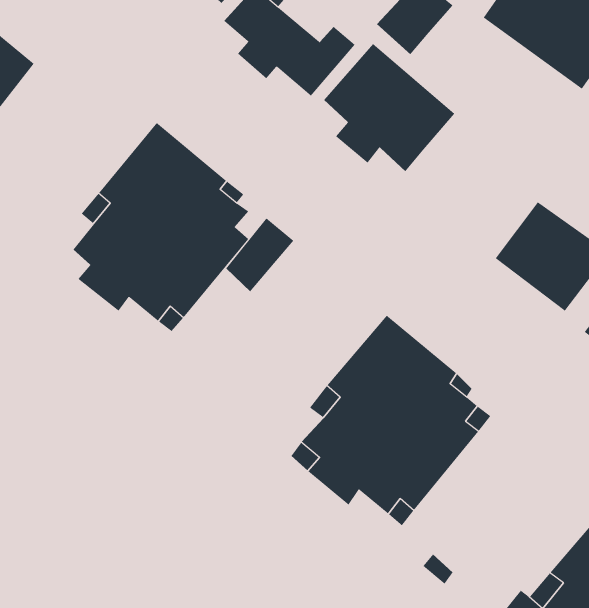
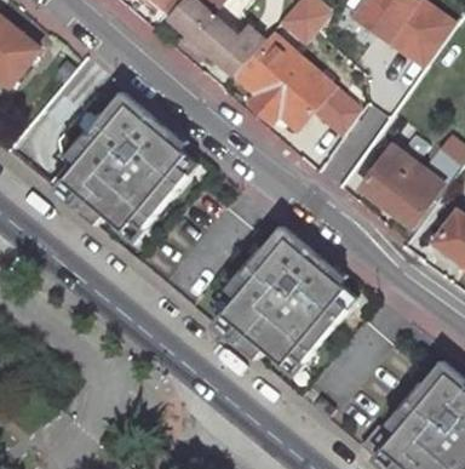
building: none -> [312,85,361,136]
building: [226,218,294,292] -> none

